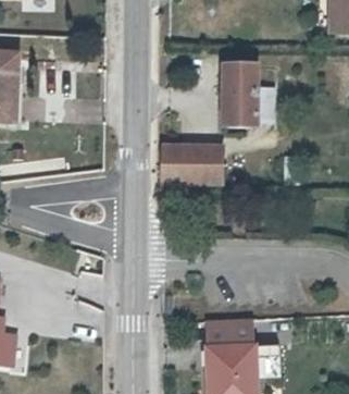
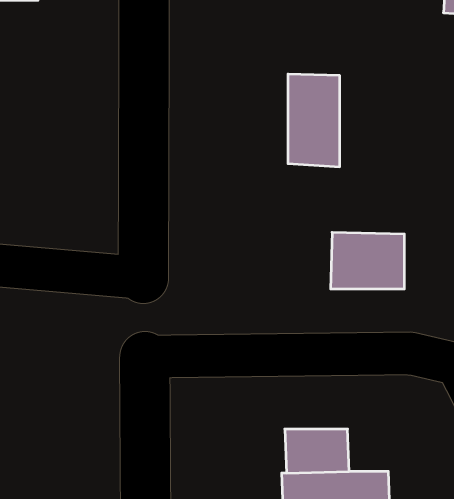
building: [164,144,215,183] -> [331,232,404,289]

